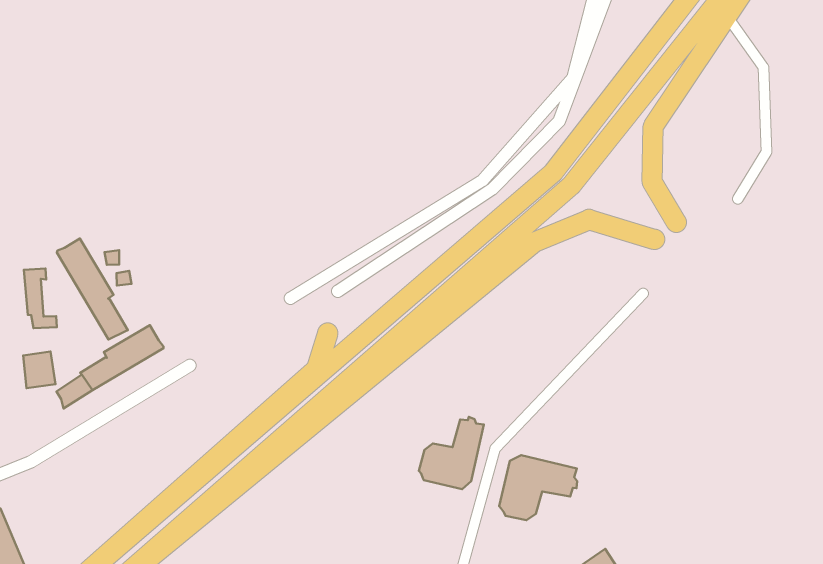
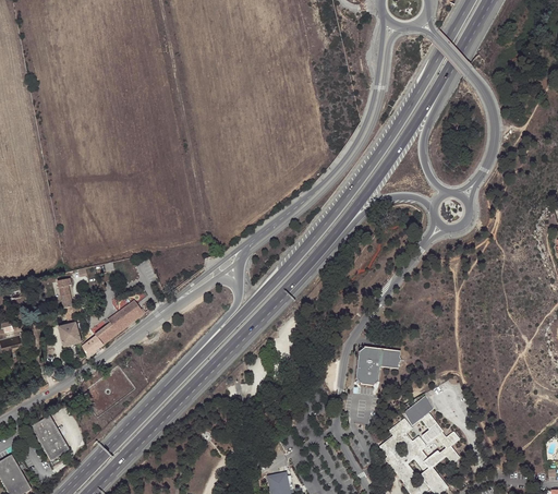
building: [57,238,128,339] -> none
building: [419,417,484,489] -> none

